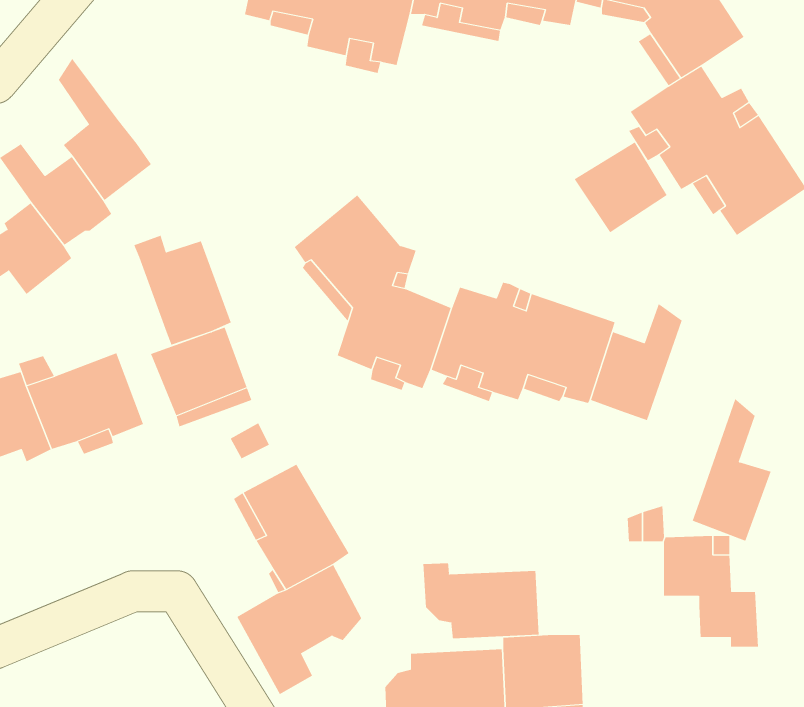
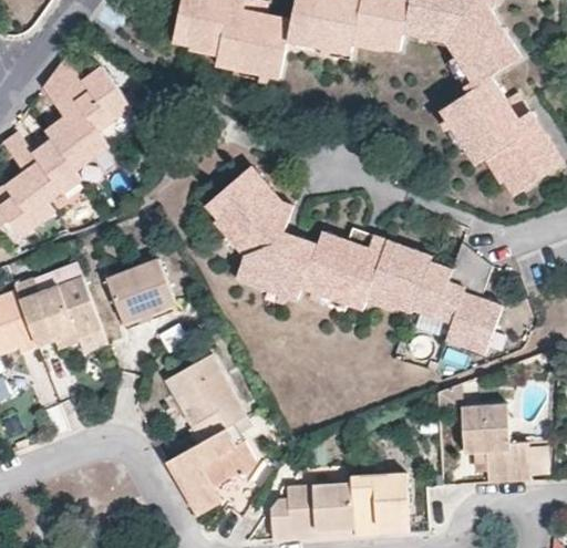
building: none -> [52,56,130,131]
building: [574,141,668,233] -> none
building: [134,235,232,345] -> none
building: [692,398,771,542] -> [446,254,502,353]
building: [423,563,539,639] -> none

